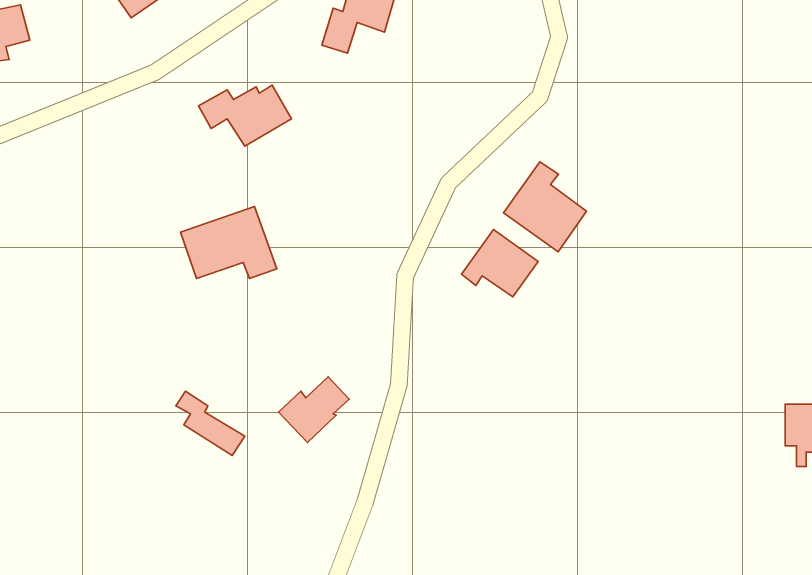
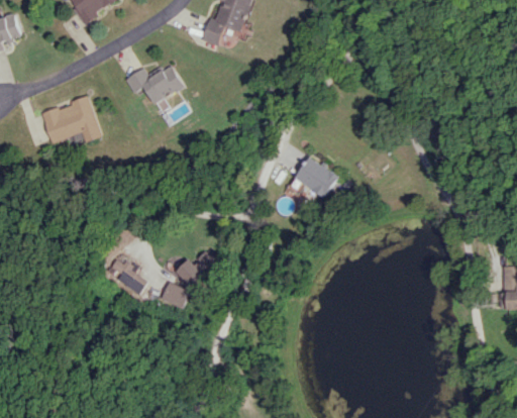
building: [503,162,586,252] -> none
building: [181,206,277,279] -> [41,97,102,142]
building: none -> [160,281,190,308]

